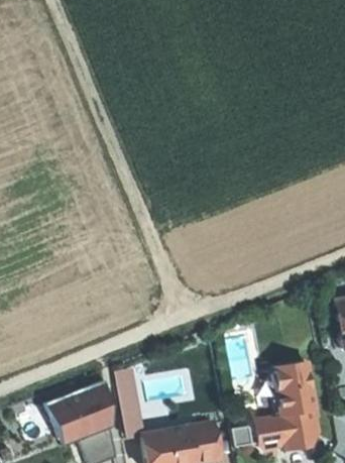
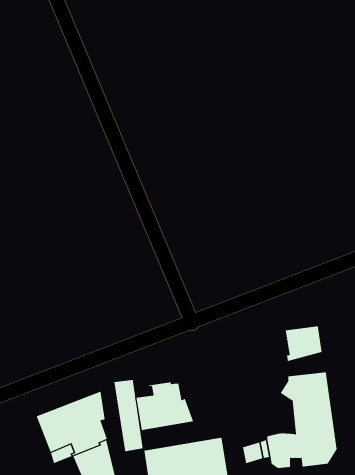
building: none -> [285,326,322,362]
building: none -> [136,381,194,431]

